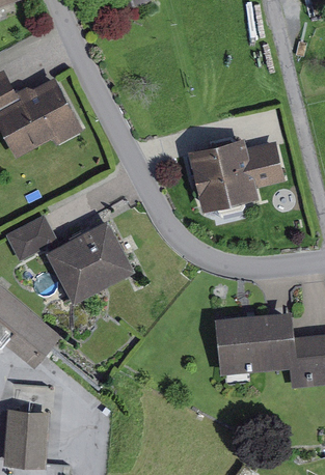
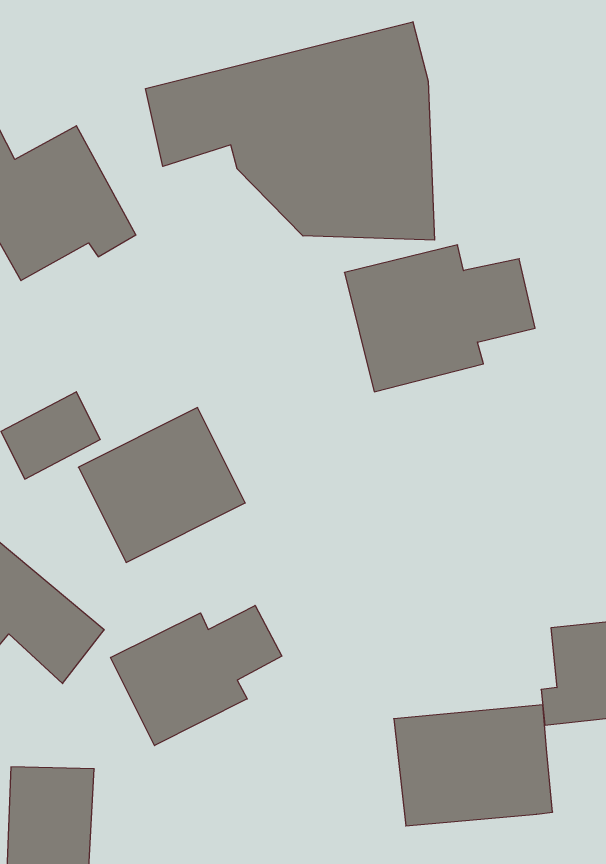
building: none -> [146,22,435,240]
building: [212,313,295,376] -> [394,705,553,826]
building: none -> [111,605,282,746]

